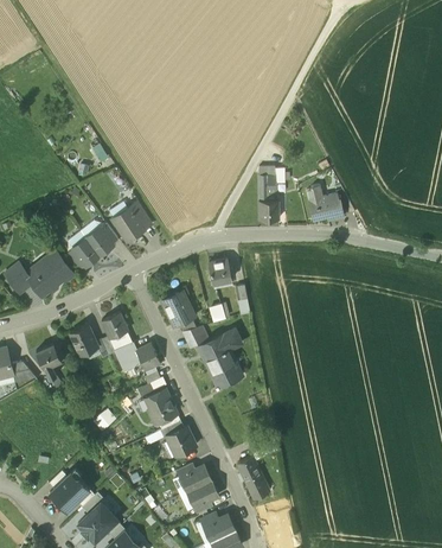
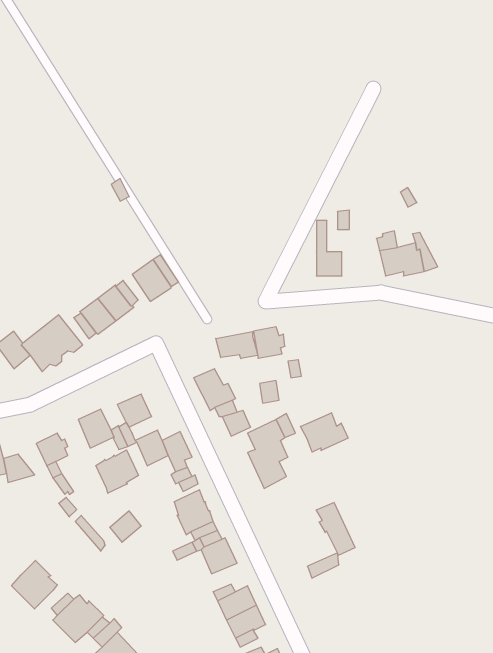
building: none -> [216,332,258,359]
building: none -> [300,413,348,452]
building: none -> [96,450,138,493]
building: none -> [12,560,57,609]
building: [237,458,268,499] -> [316,503,355,555]

